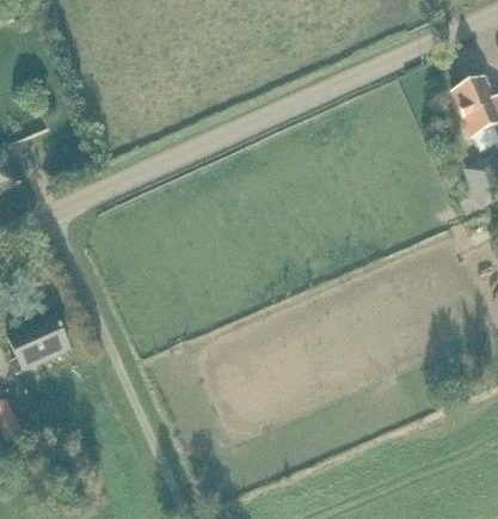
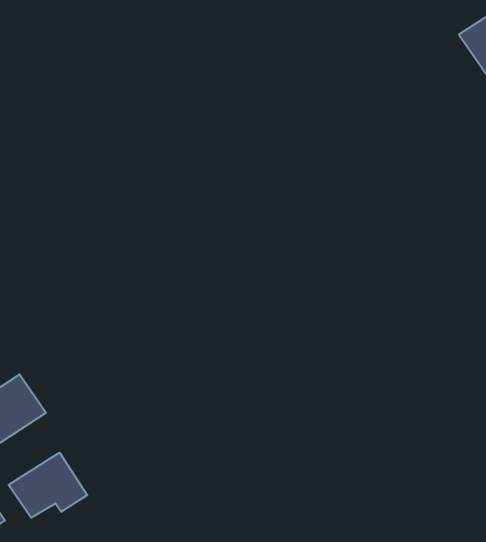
building: none -> [9,453,87,518]

